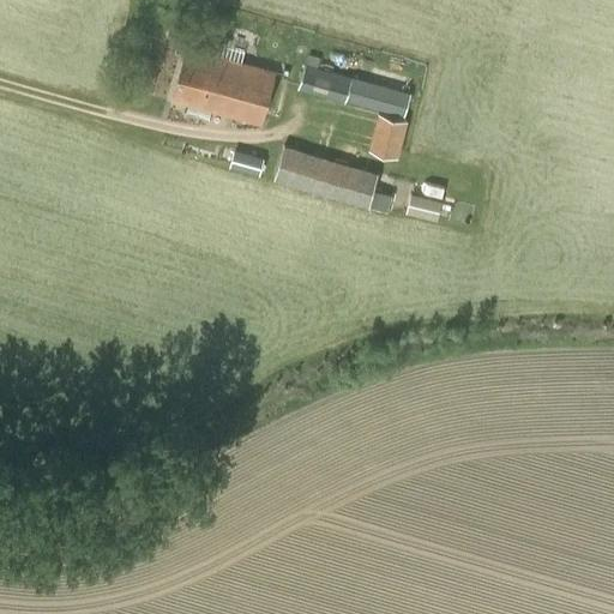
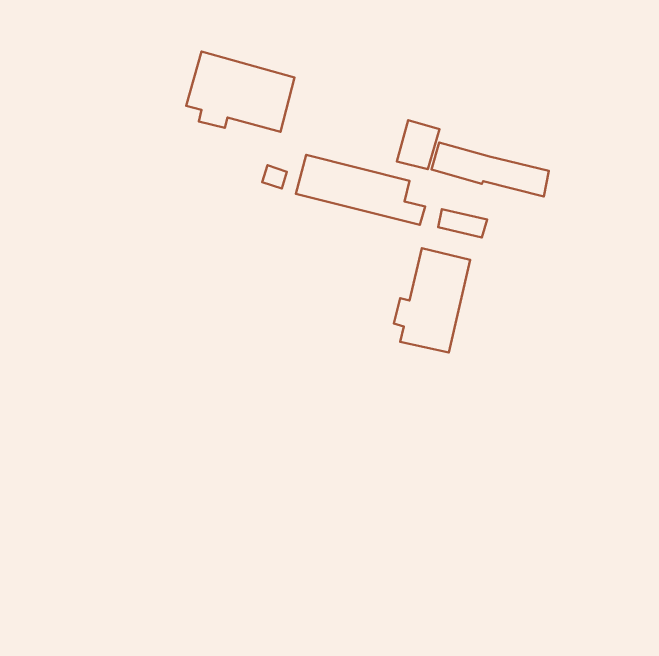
building: [299,67,408,118] -> [431,142,549,197]
building: none -> [394,248,470,353]

